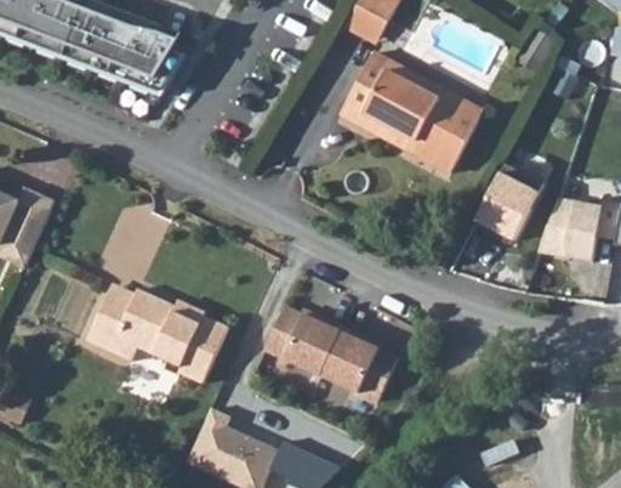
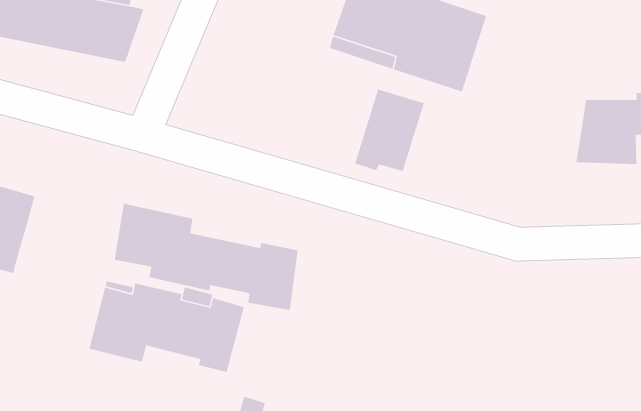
building: [469,163,540,239] -> [354,88,425,172]
building: none -> [114,203,298,311]
building: [266,306,395,399] -> none

